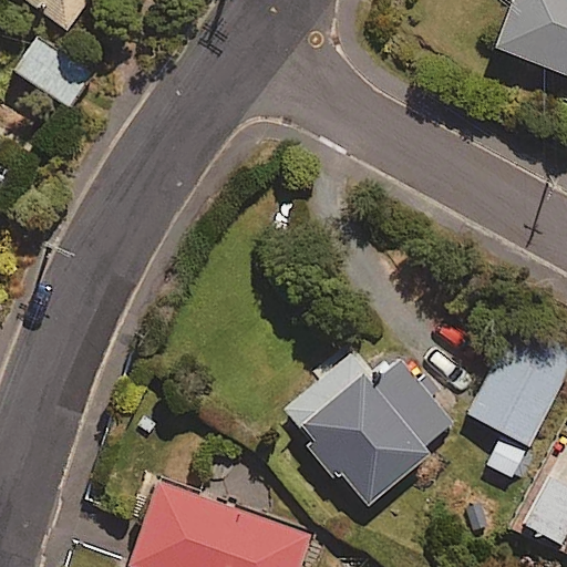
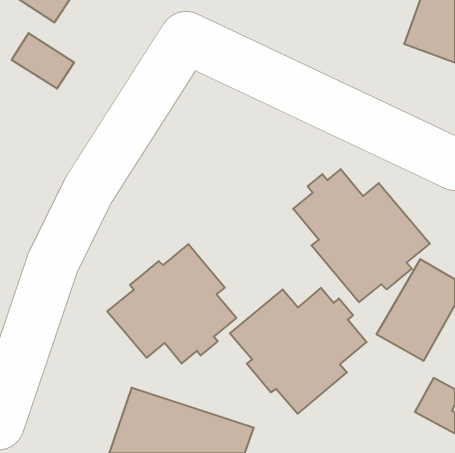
building: none -> [293,169,430,302]
building: none -> [107,244,236,364]

